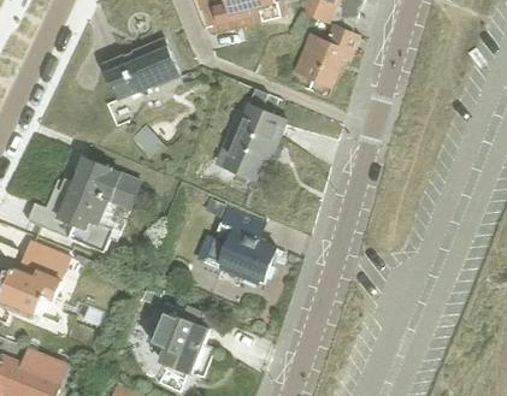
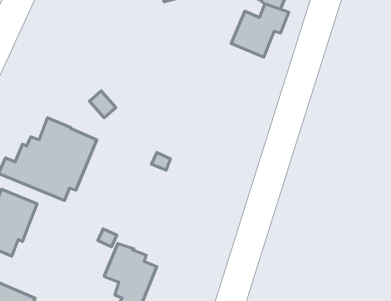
building: [101,39,179,100] -> none
building: [220,105,285,181] -> none
building: [196,208,275,284] -> none

